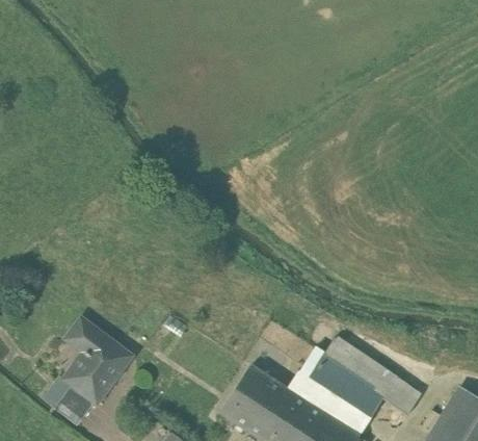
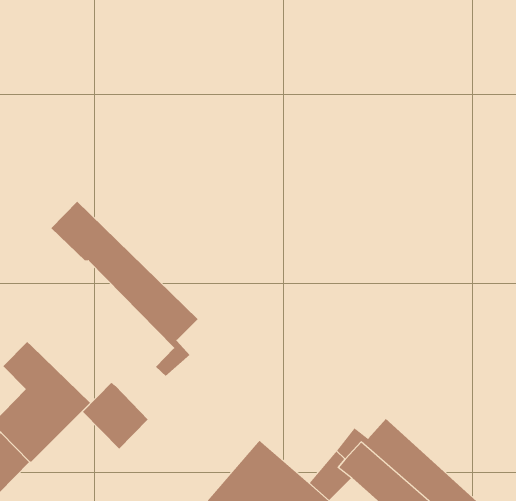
building: none -> [50,201,198,377]
building: none -> [82,382,149,449]

